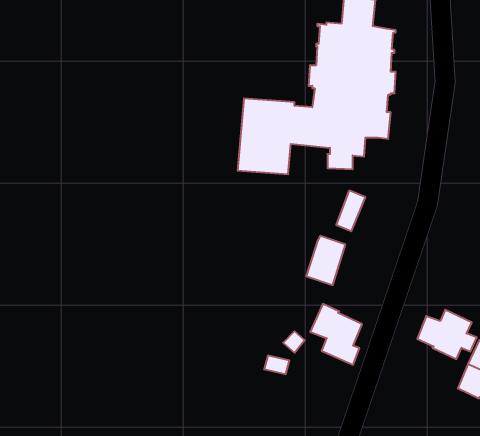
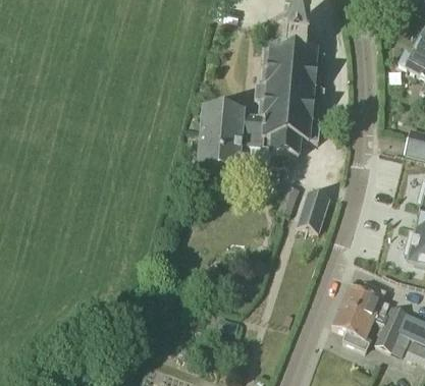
building: [306,236,345,285] -> [298,191,329,231]
building: [310,304,362,365] -> [332,302,374,351]

